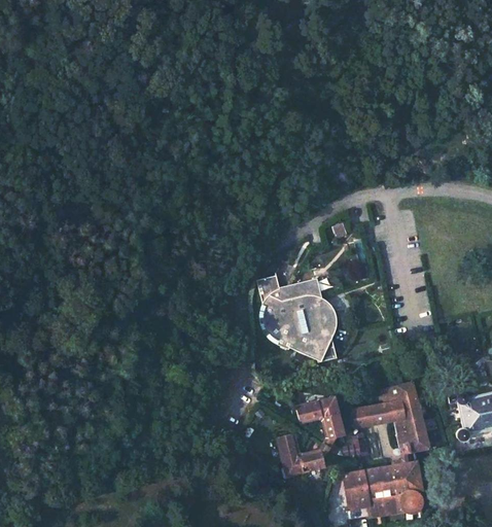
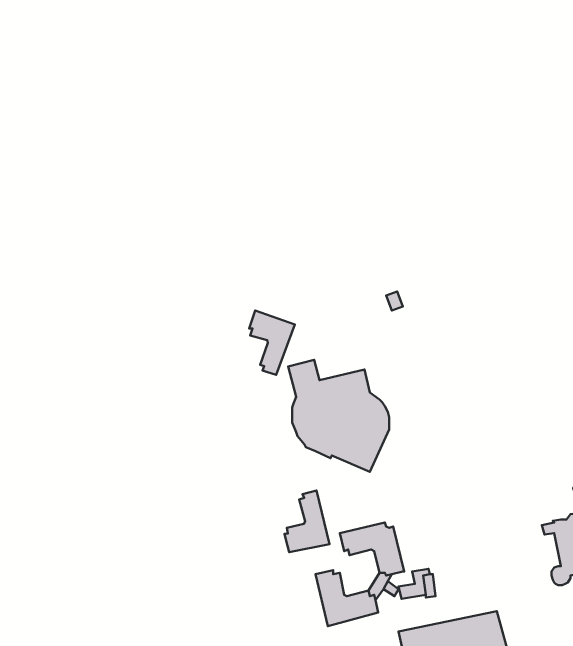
building: none -> [249,311,295,375]
building: none -> [285,491,329,552]
building: [351,382,430,455] -> none

